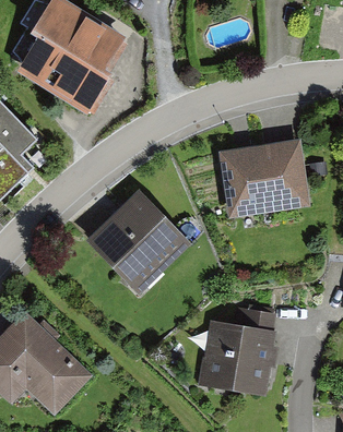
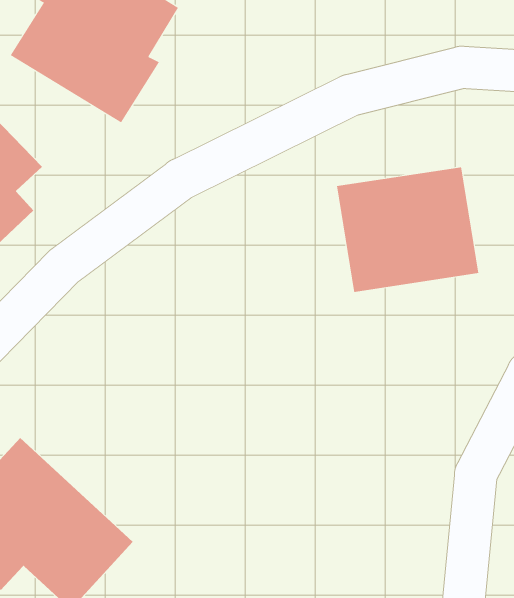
building: [91,192,190,290] -> none
building: [203,311,276,392] -> none

